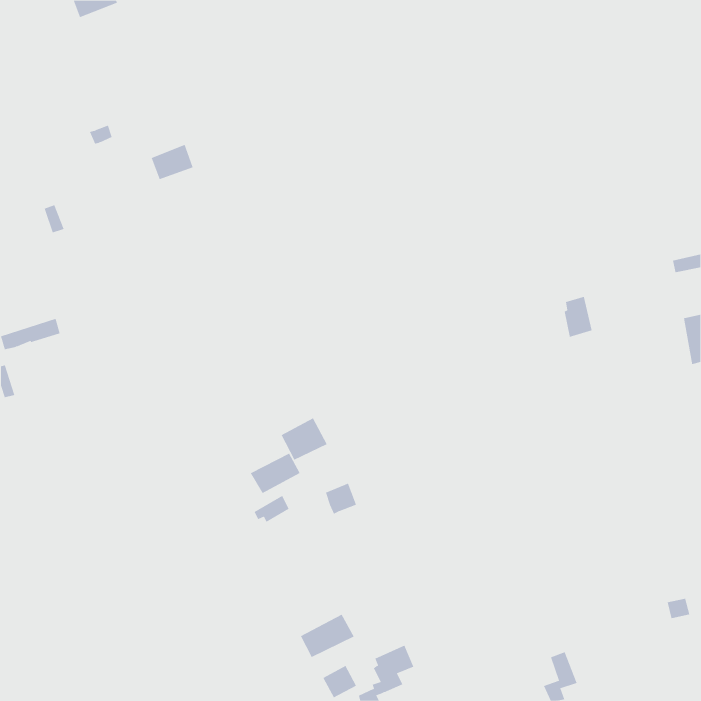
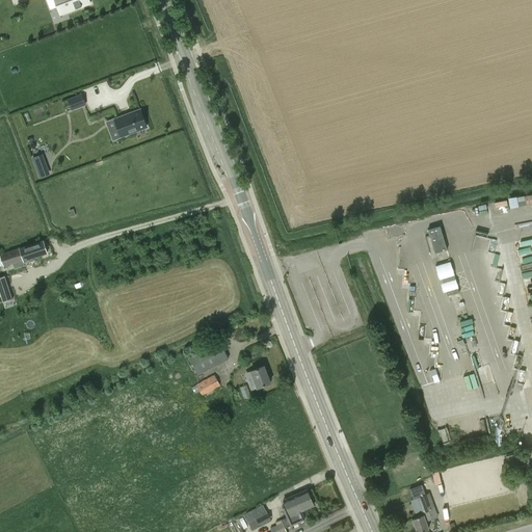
building: [281,418,328,461] -> none
building: [300,614,354,658] -> none

